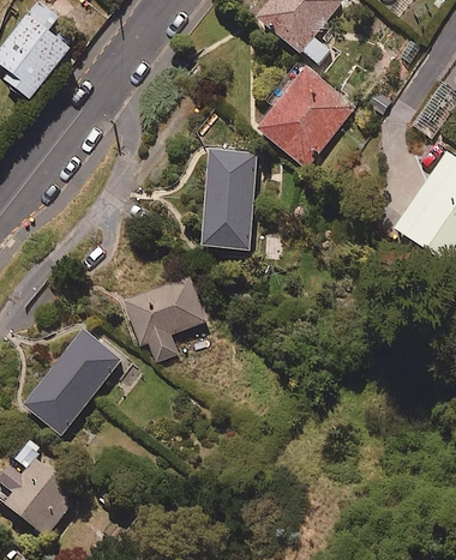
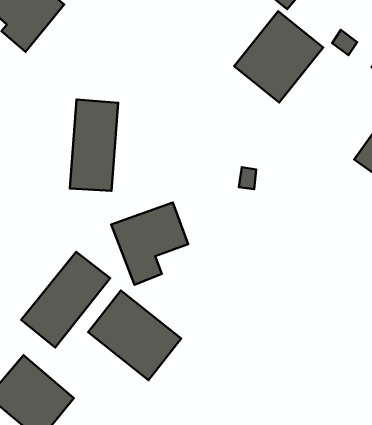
building: [204,147,257,247] -> [70,100,118,191]
building: none -> [88,291,181,380]

